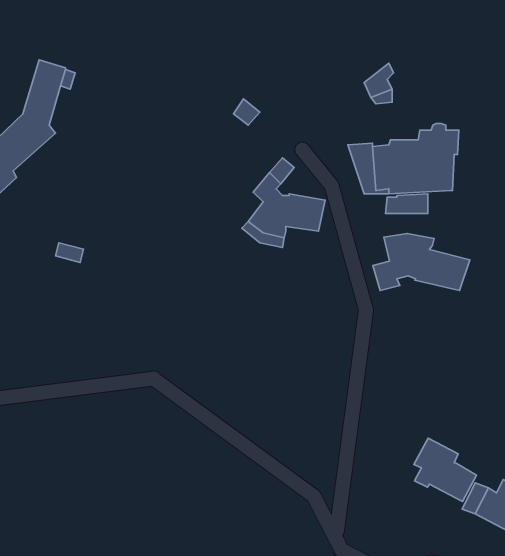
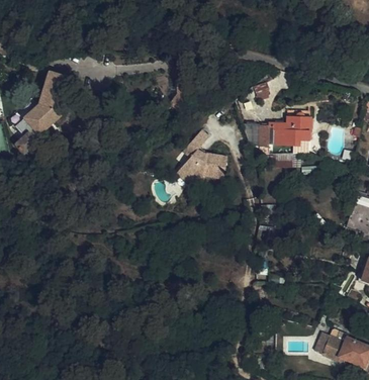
building: [373,233,470,291] -> none
building: [414,438,477,501] -> none

